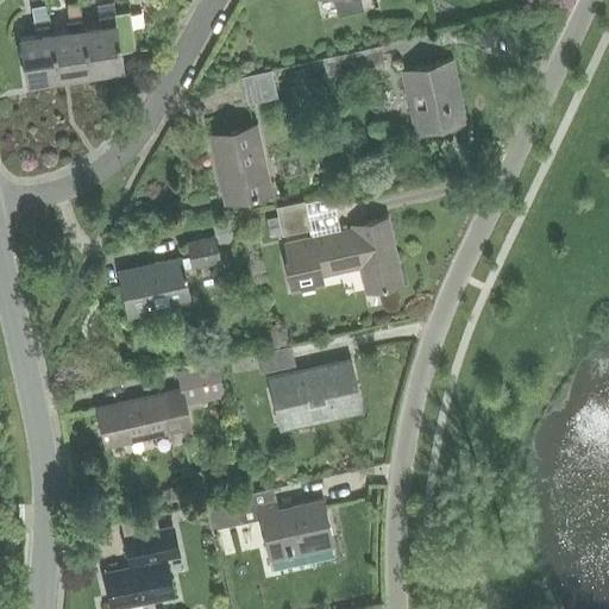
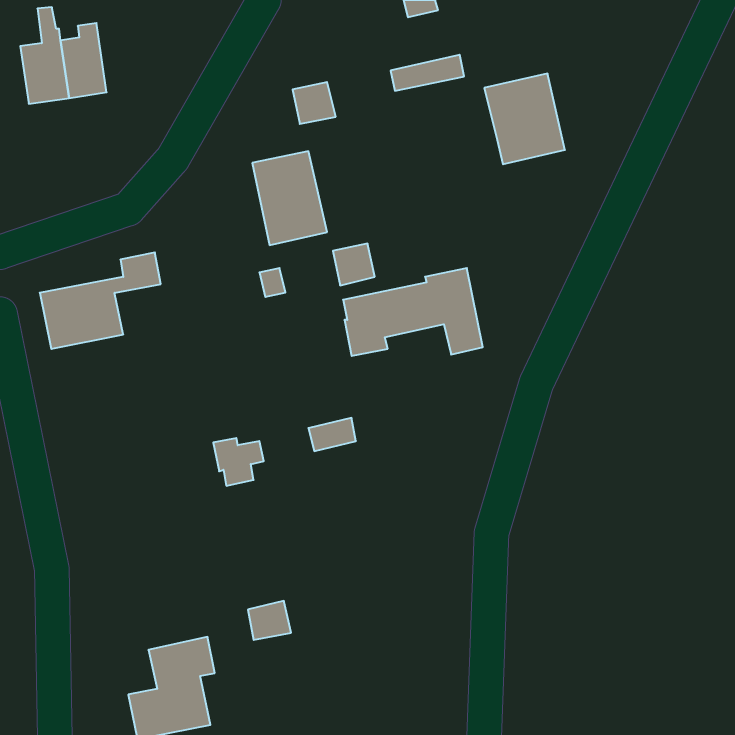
building: [82,13,133,77] -> none
building: [121,239,221,319] -> [40,252,161,349]
building: [274,365,358,427] -> none
building: [95,393,190,447] -> none
building: [255,503,332,559] -> none

